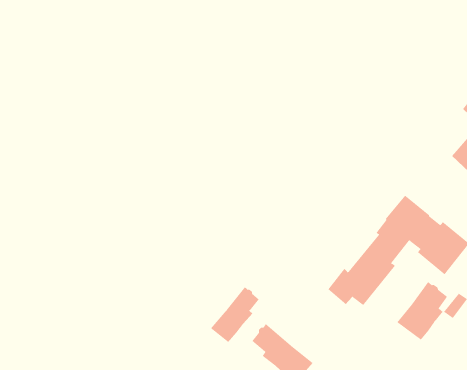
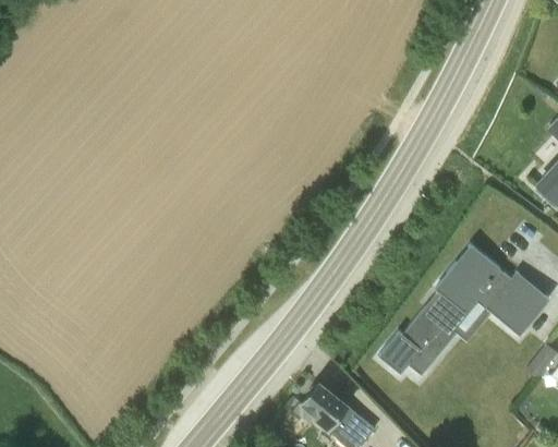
building: [397,281,448,341] -> none
building: [210,286,259,343] -> none

